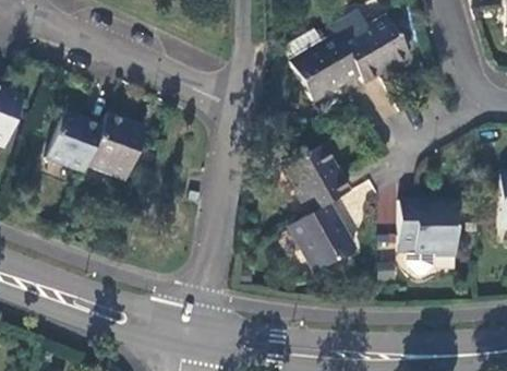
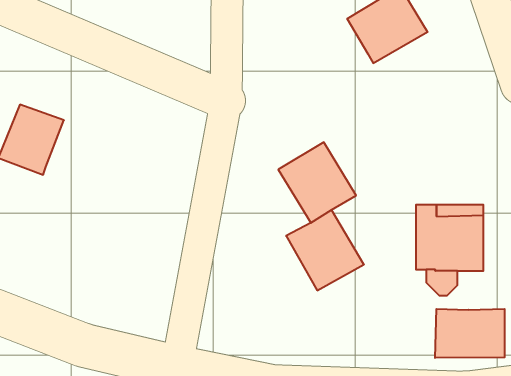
building: [290,33,359,97] -> none
building: [88,115,145,181] -> none
building: none -> [435,309,505,358]

